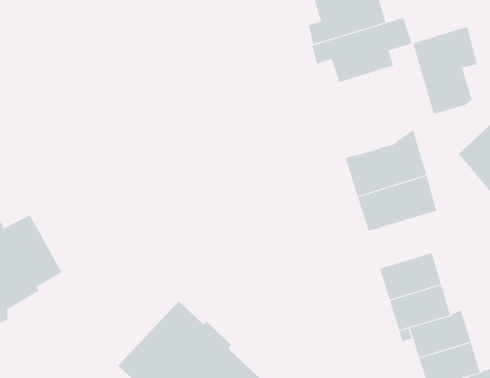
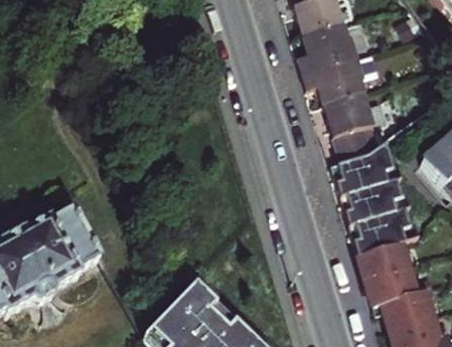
building: [412,26,478,115] -> [323,88,376,160]
building: none -> [347,206,413,253]

